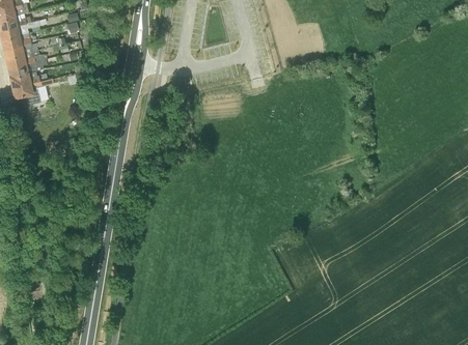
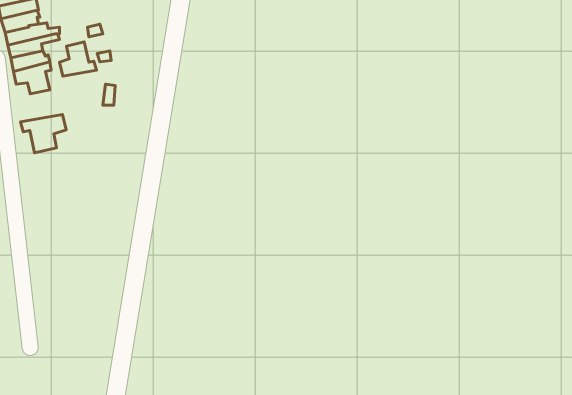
building: none -> [60,42,96,76]
building: none -> [20,115,66,153]

